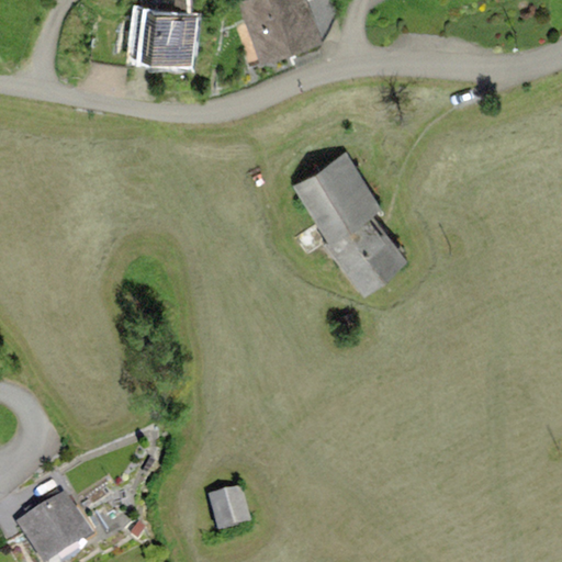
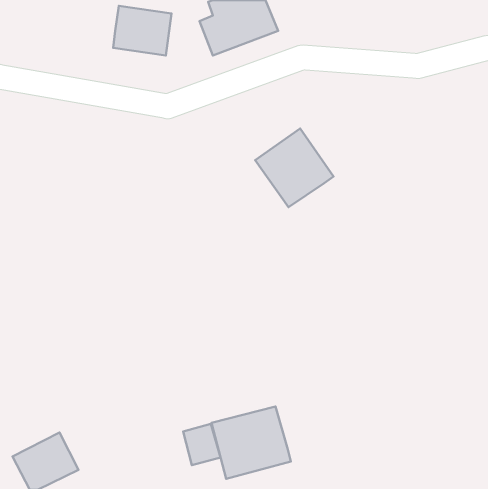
building: [325,211,407,292] -> none
building: none -> [211,406,291,479]

